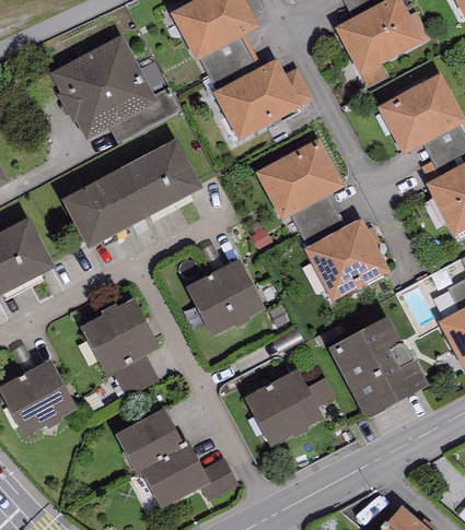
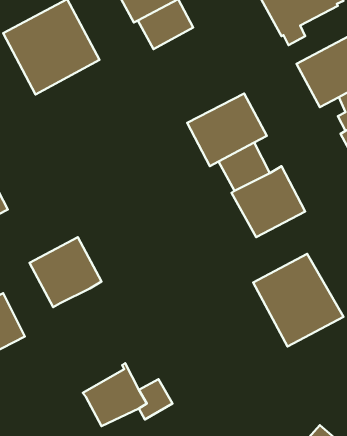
building: [212,58,313,140] -> none
building: [61,139,204,250] -> none
building: [185,258,266,337] -> none
building: [114,355,159,396] -> none
building: [245,369,323,446] -> none
building: [115,408,185,476] -> none

